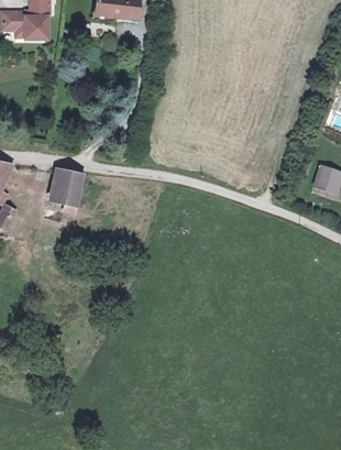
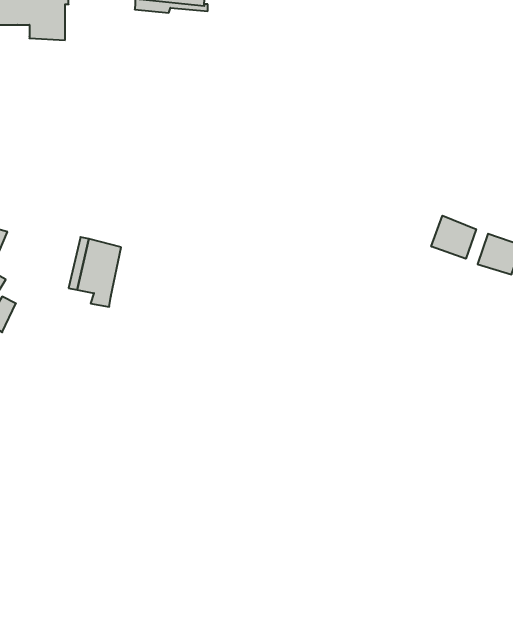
building: none -> [431,216,476,259]

